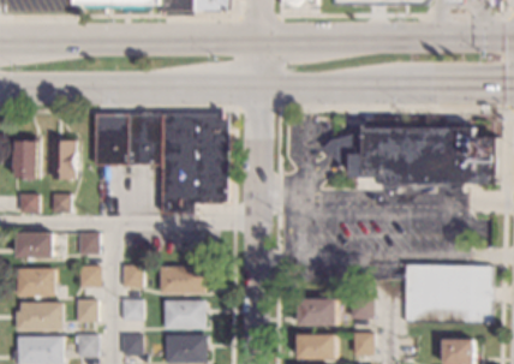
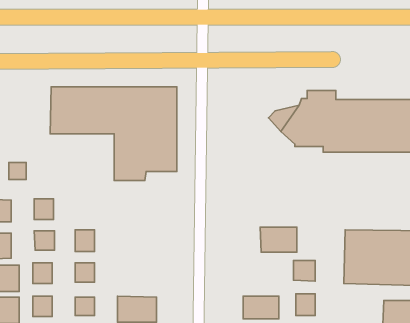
building: [49,139,74,178] -> none
building: [159,265,203,293] -> none
building: [297,298,335,324] -> [260,227,297,252]
building: [162,300,204,328] -> none

